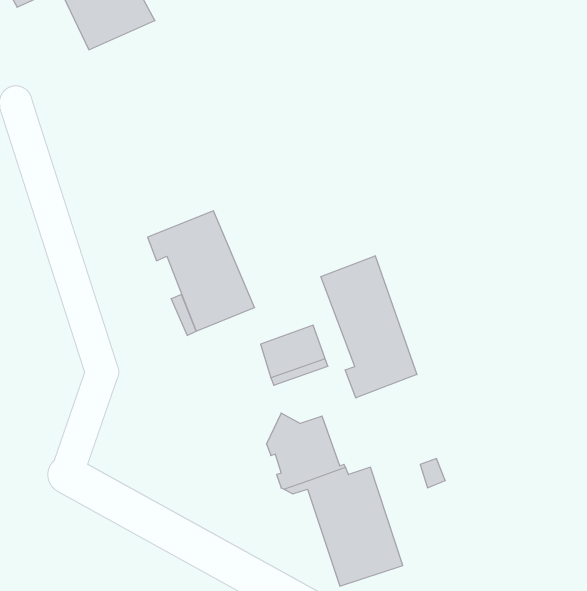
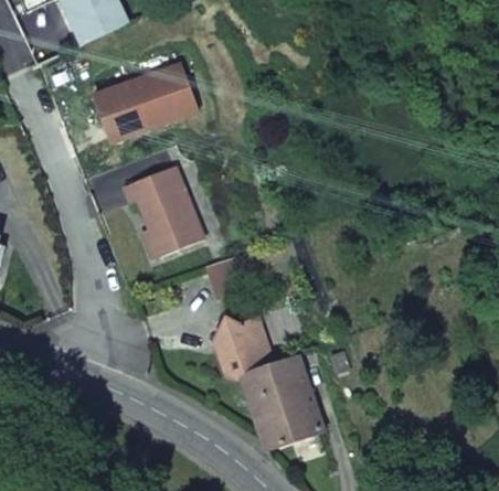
building: none -> [93,61,198,141]
building: [321,256,417,398] -> none

